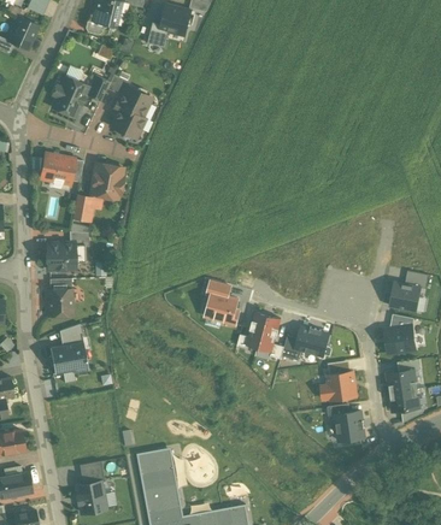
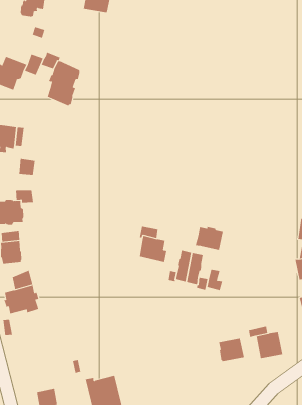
building: [90,163,123,200] -> none
building: [295,326,329,355] -> [195,226,224,251]
building: [328,372,357,399] -> [219,338,245,362]

